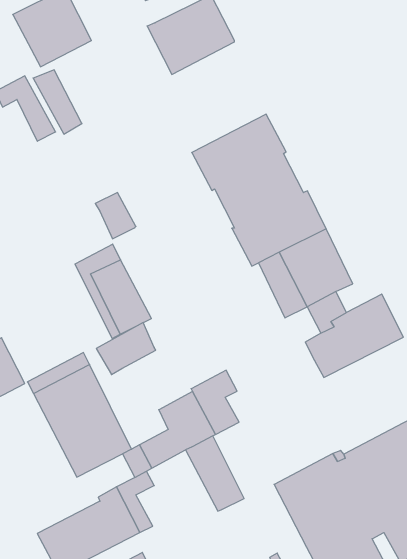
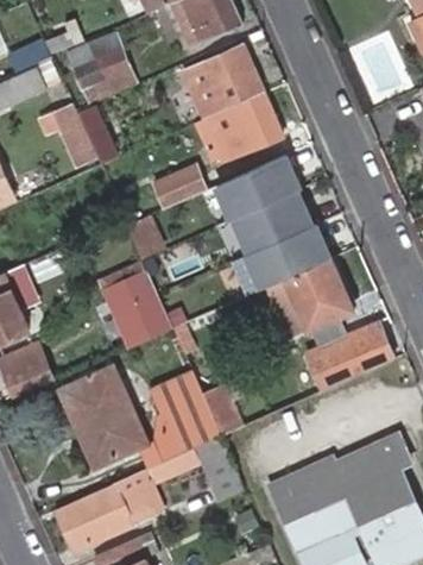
building: none -> [204,98,280,164]
building: none -> [153,168,203,209]
building: [96,323,156,375] -> [151,371,203,415]

